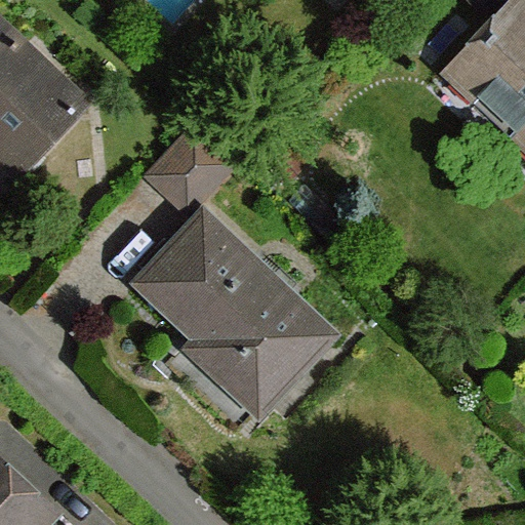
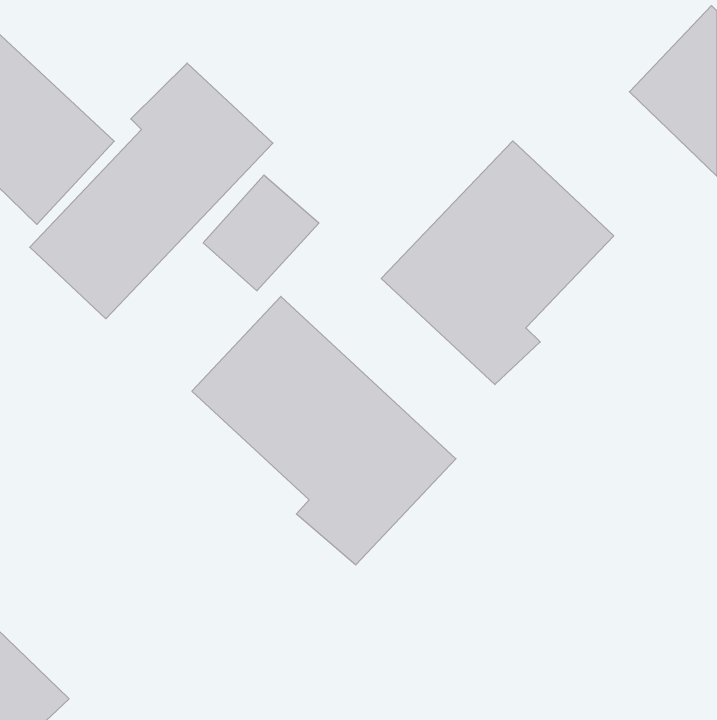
building: none -> [30,63,273,319]
building: none -> [381,141,614,385]

